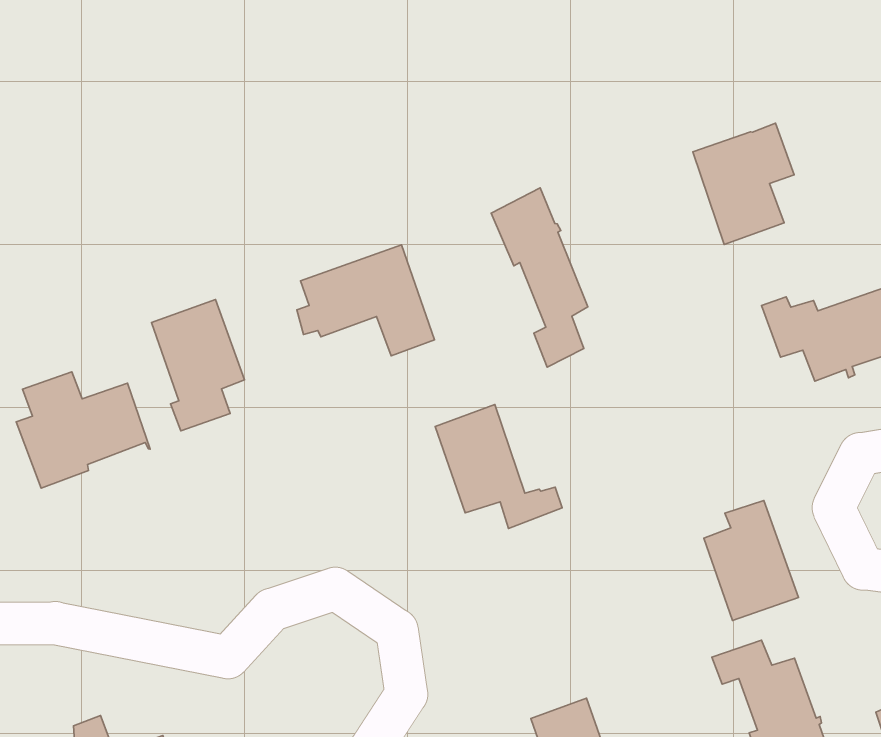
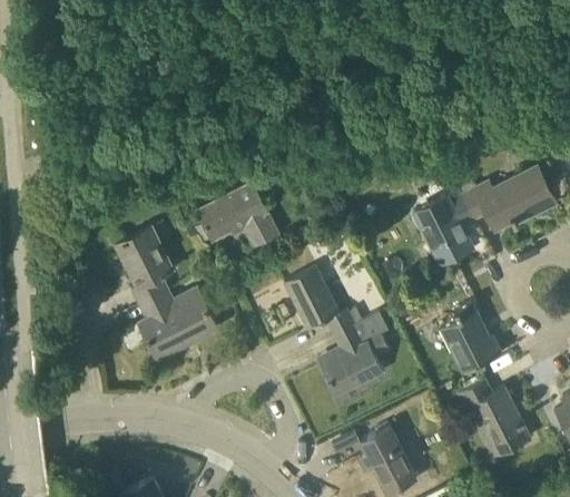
building: [693,123,794,245] -> [415,191,474,263]
building: [491,188,588,367] -> none
building: [16,372,150,488] -> [139,291,217,359]
building: none -> [321,312,392,397]

